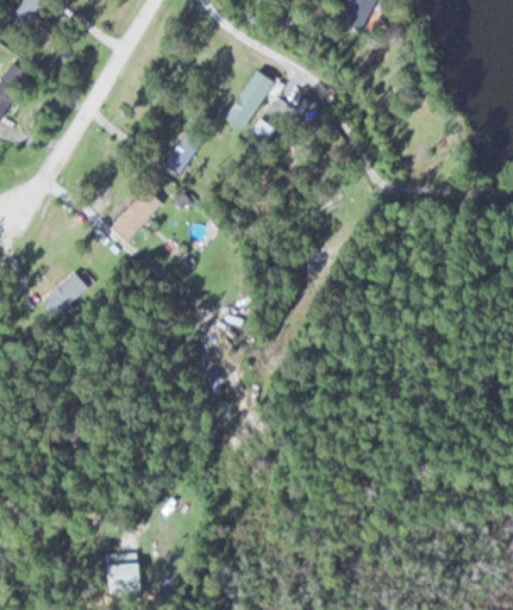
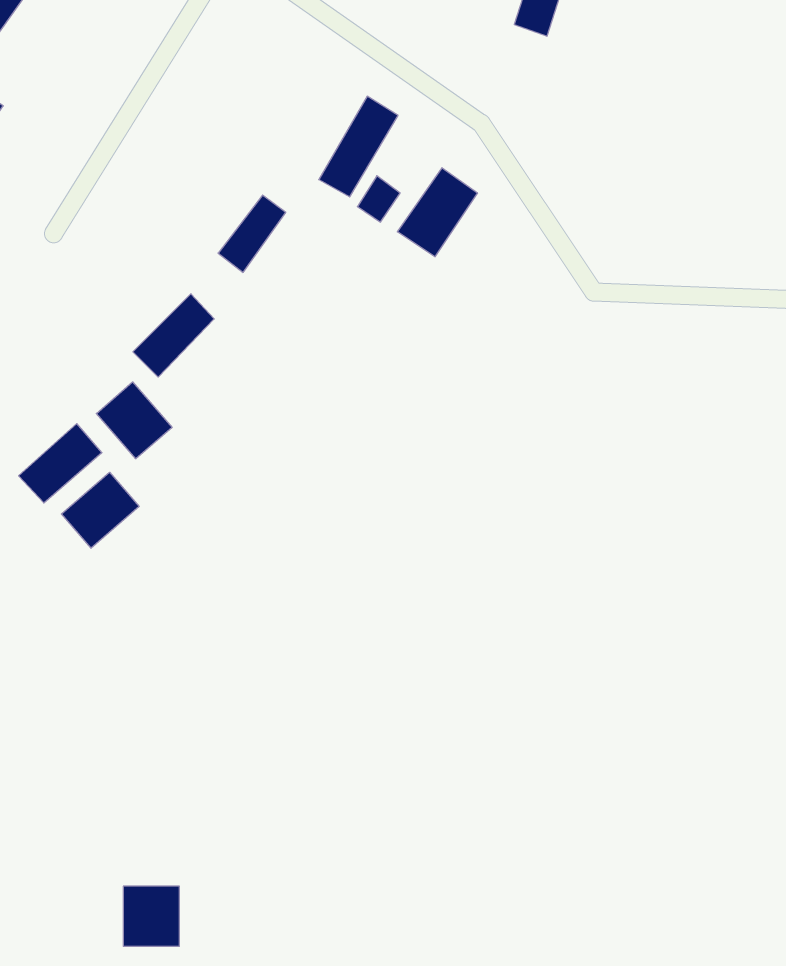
building: none -> [397,168,477,257]
building: none -> [96,382,172,459]
building: none -> [61,472,139,548]

